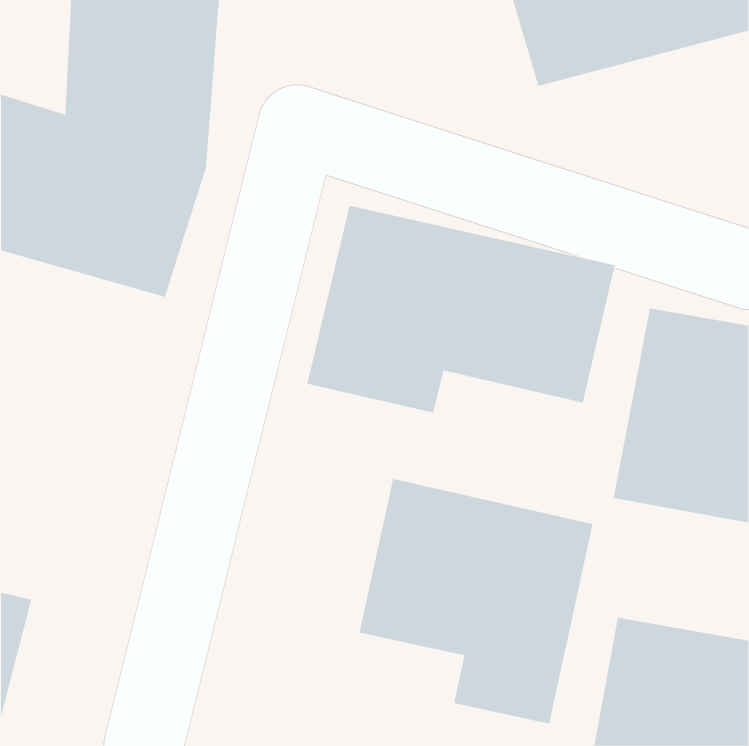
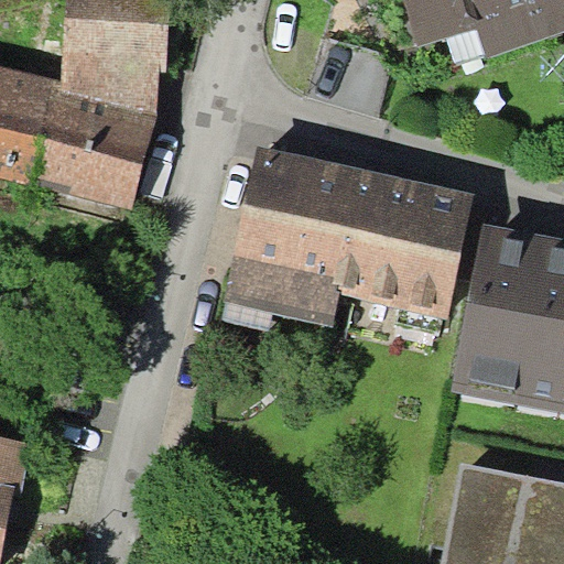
building: [359,478,593,725] -> none

